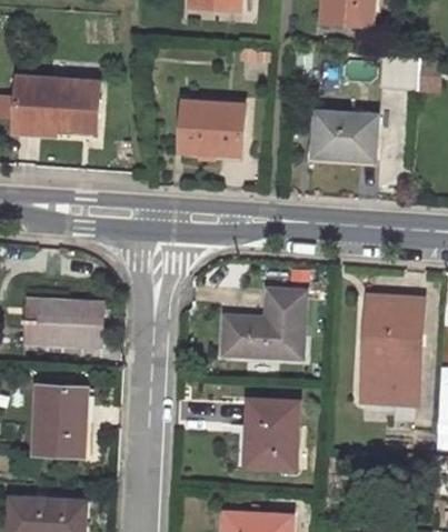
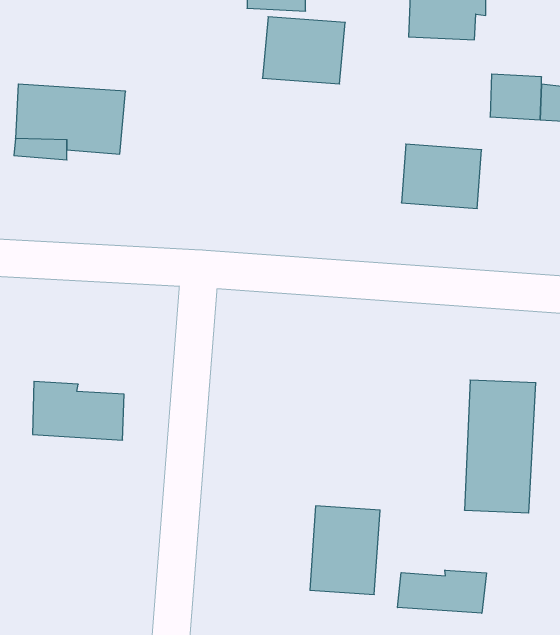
building: [176,107,240,159] -> [262,17,345,84]
building: [222,287,303,354] -> none
building: [37,385,89,458] -> none
building: none -> [398,570,486,613]

